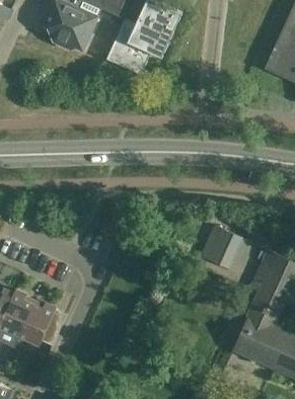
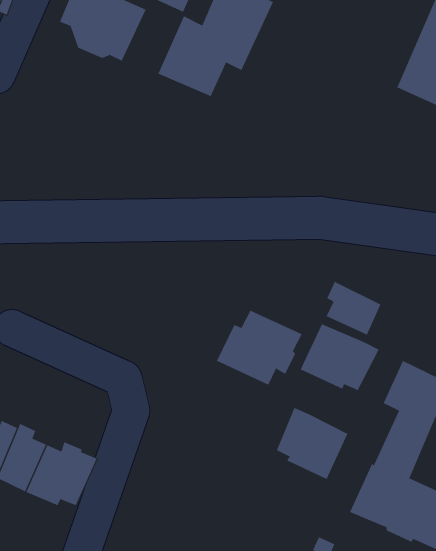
building: none -> [326,281,381,336]
building: none -> [216,310,302,386]
building: none -> [276,407,348,480]

